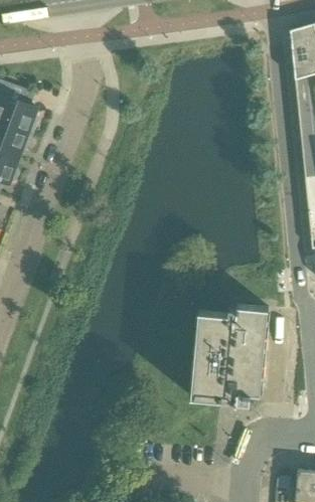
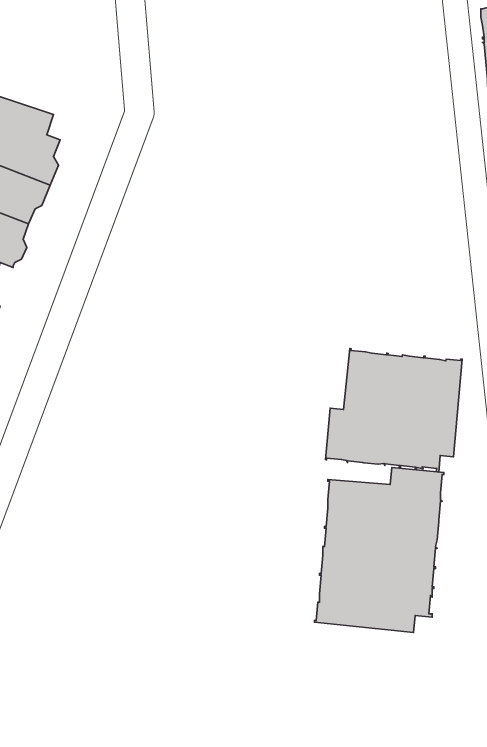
building: none -> [325,348,462,472]

